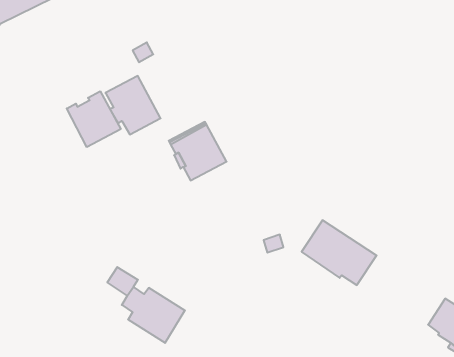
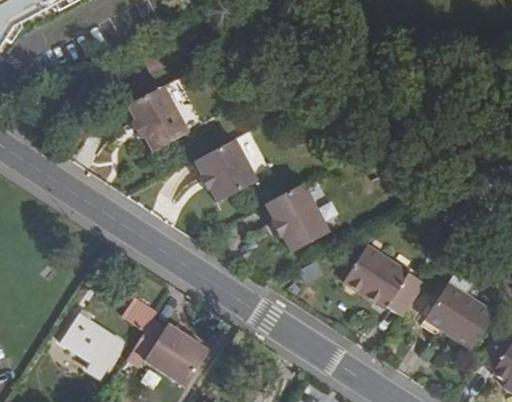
building: [67,91,121,147] -> none
building: none -> [265,184,329,253]
building: none -> [423,288,490,348]
building: none -> [60,314,124,381]

